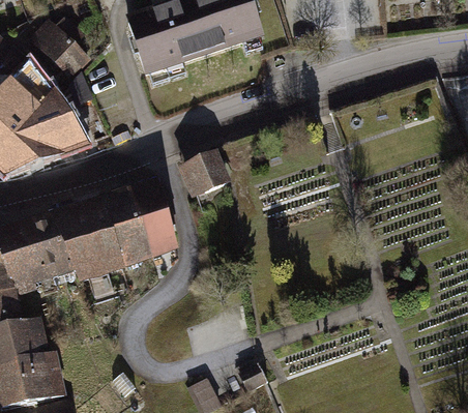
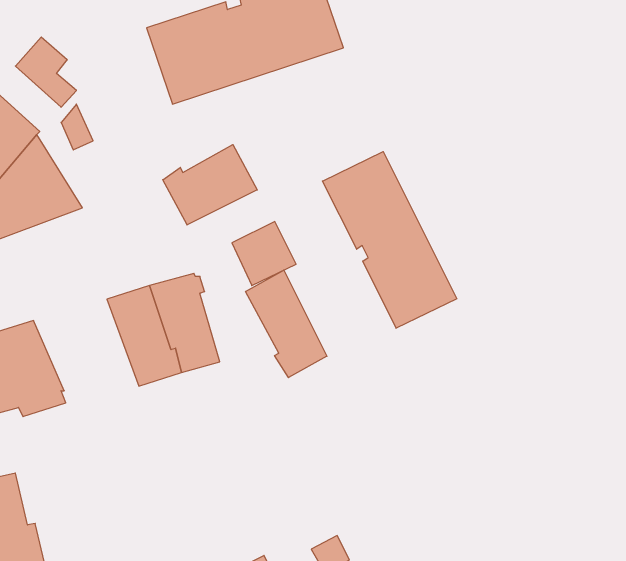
building: none -> [163,145,257,225]
building: none -> [322,152,457,328]
building: none -> [246,270,327,378]
building: [52,206,125,284] -> none

